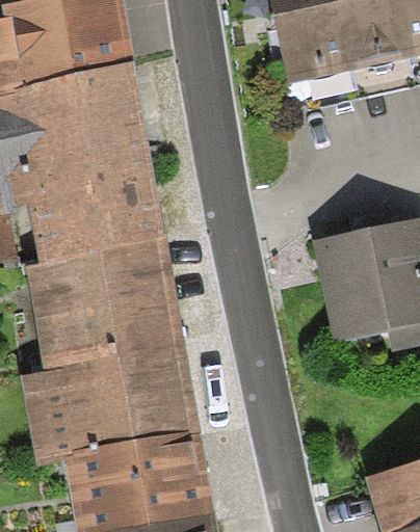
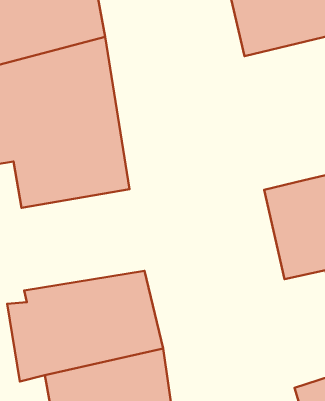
building: [22,241,179,360] -> none

